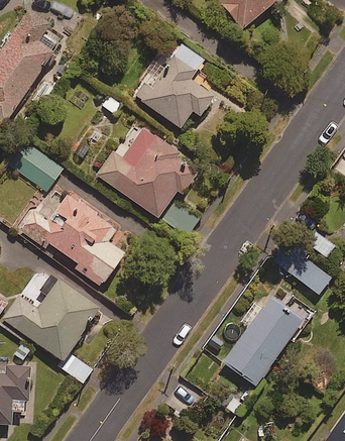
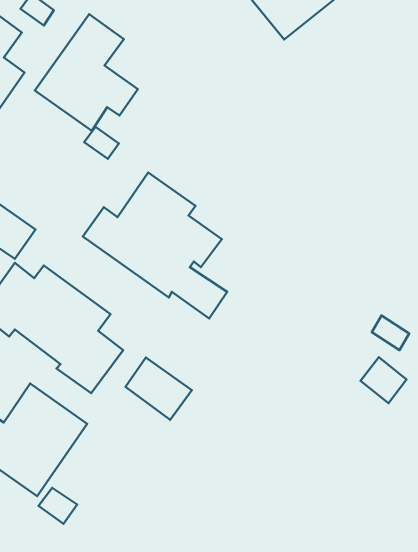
building: [139,42,214,127] -> [35,14,138,131]
building: none -> [126,358,192,420]
building: [223,295,312,387] -> none

